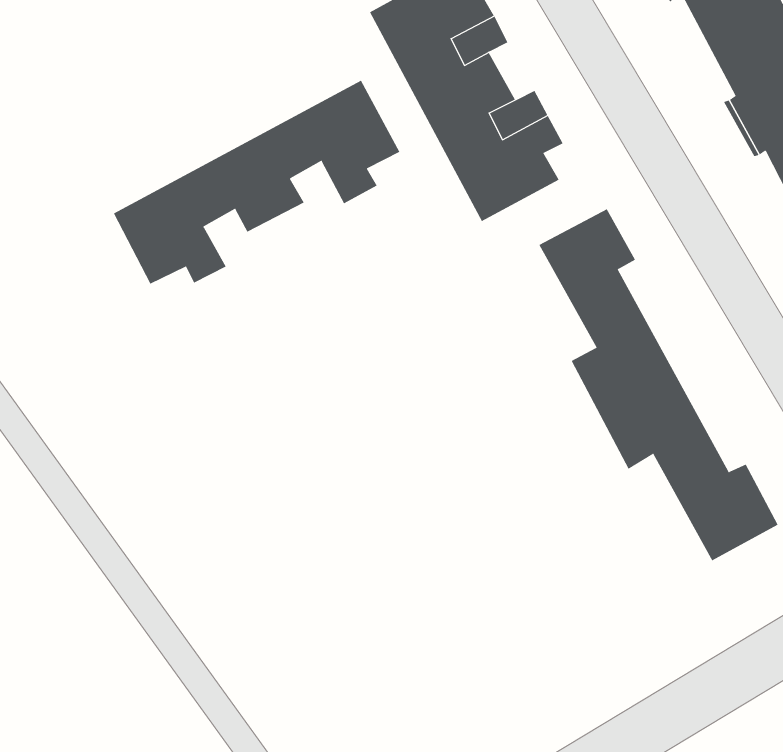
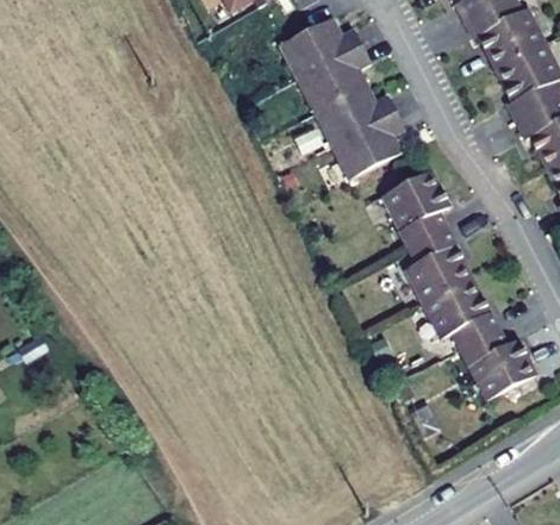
building: [113,80,400,285] -> none

